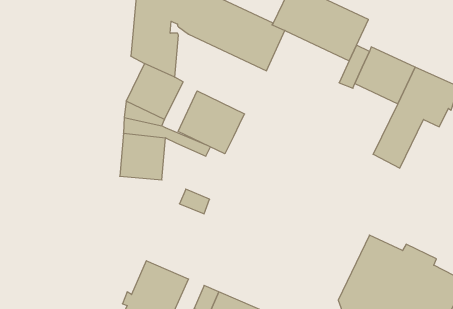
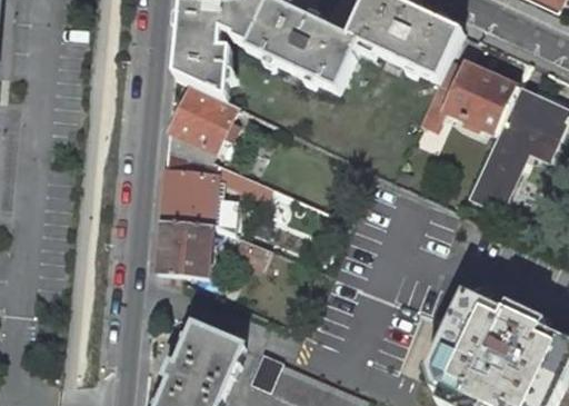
building: [178,91,245,154] -> none
building: none -> [154,224,211,278]

